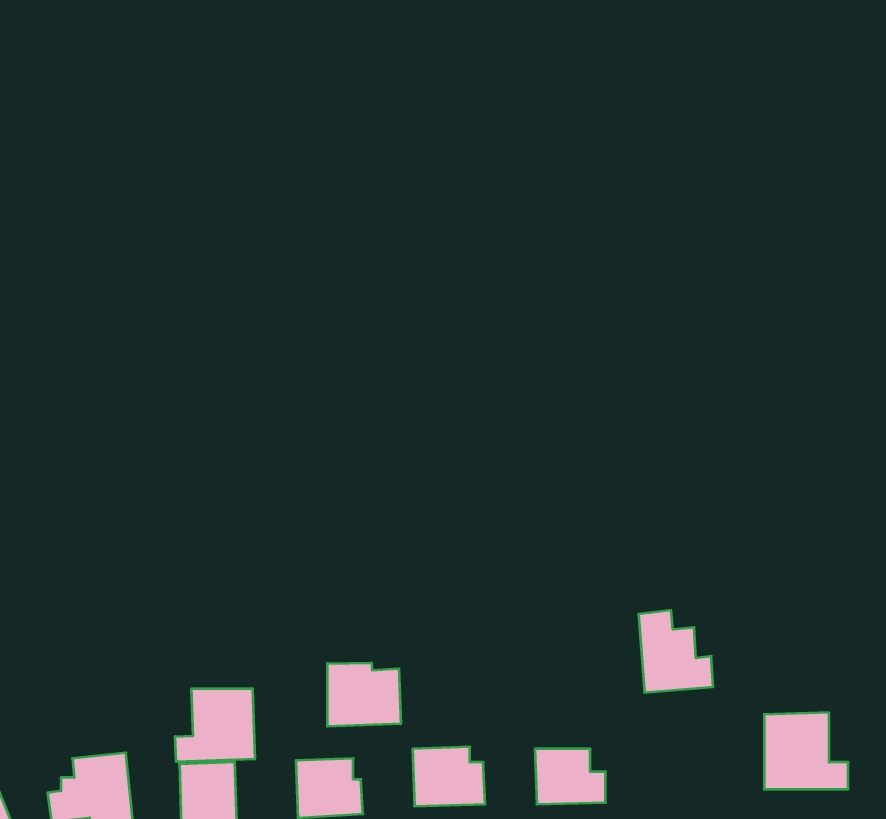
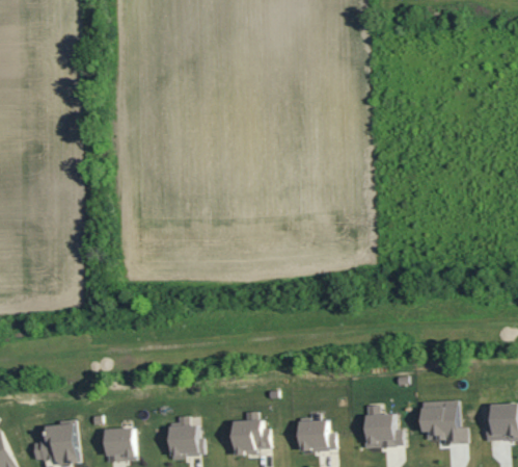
building: [639,610,713,692] -> [361,404,402,448]
building: [327,663,401,726] -> none
building: [175,688,255,762] -> none

